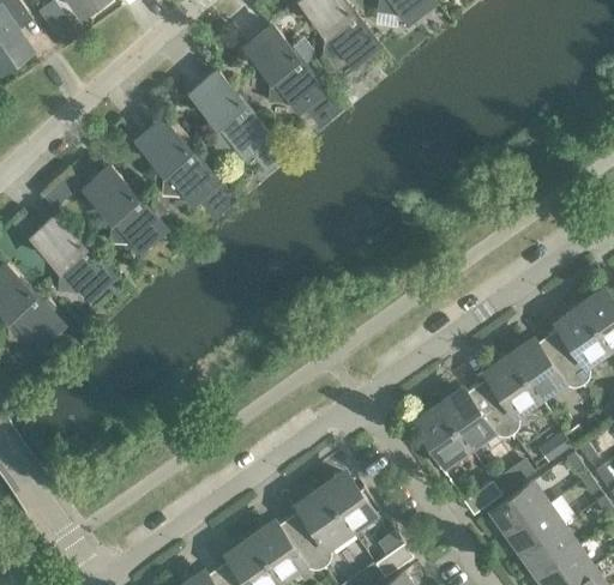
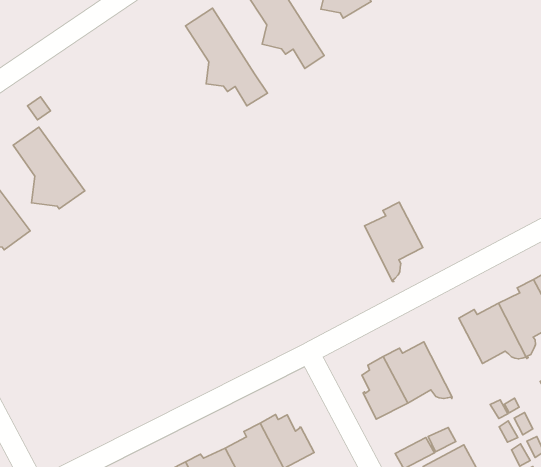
building: [138,119,230,212] -> none
building: [85,167,163,248] -> none
building: [476,355,538,436] -> [364,202,423,281]

